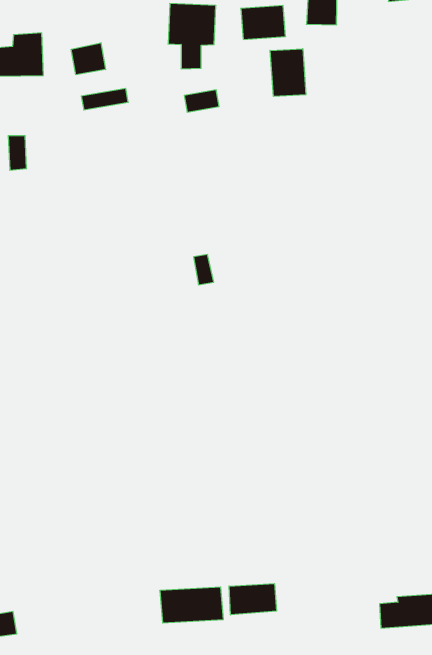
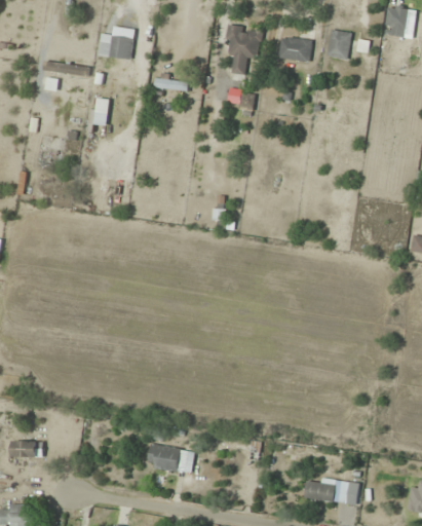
building: [71,43,106,75] -> none
building: [270,49,306,96] -> none
building: [229,584,276,615] -> none

